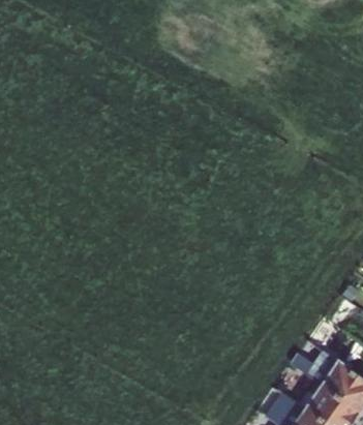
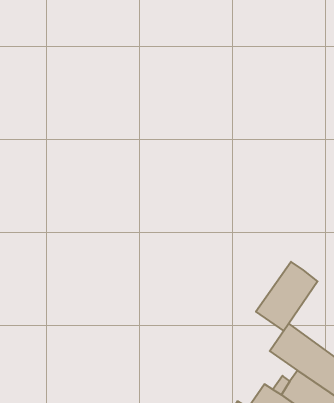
building: none -> [256,262,318,331]

